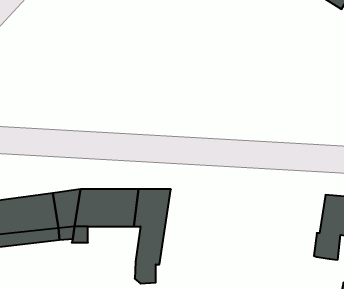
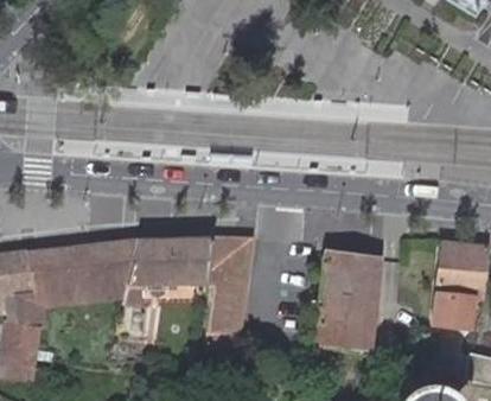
building: none -> [315,254,382,350]

